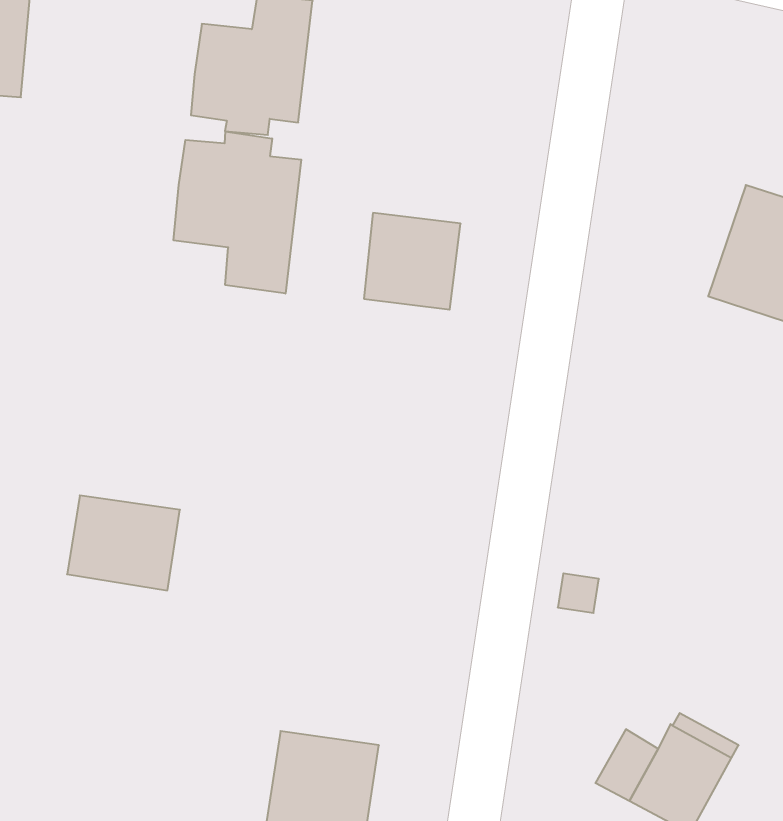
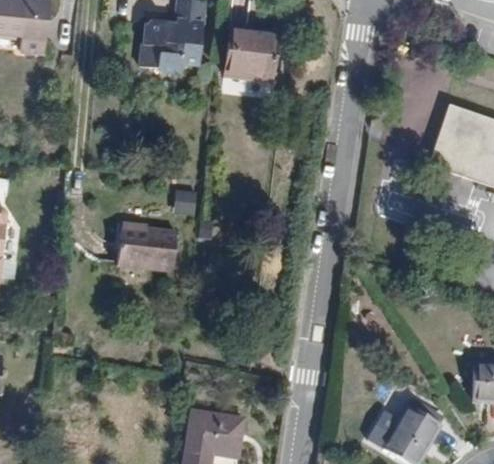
building: [174,131,301,294] -> none
building: [364,213,461,310] -> [226,28,280,82]
building: [67,495,180,590] -> [116,220,179,273]

